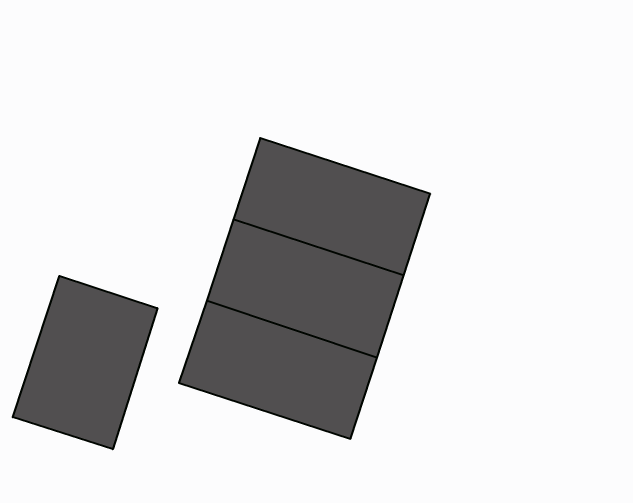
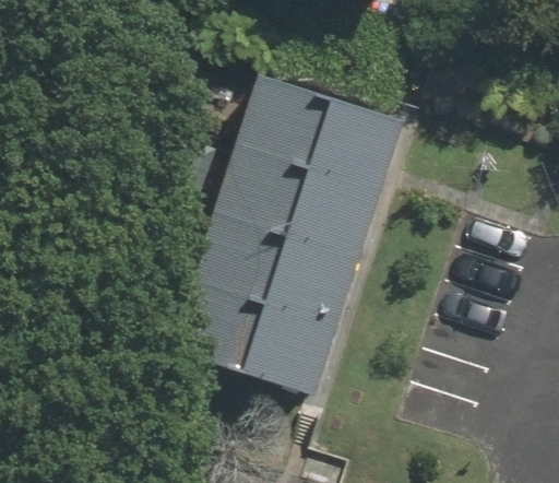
building: none -> [239,76,402,189]
building: [13,276,157,449] -> none

